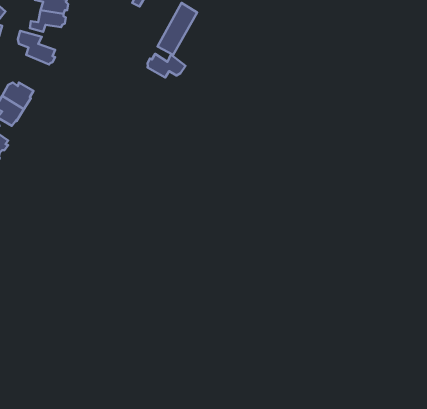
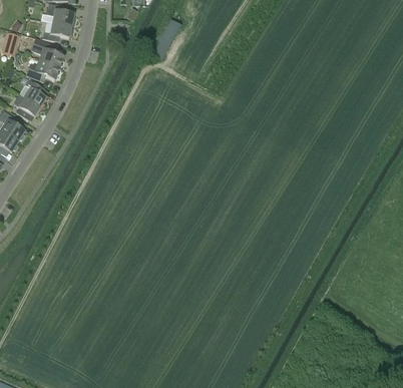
building: [148,54,185,77] -> none
building: none -> [26,61,59,82]

